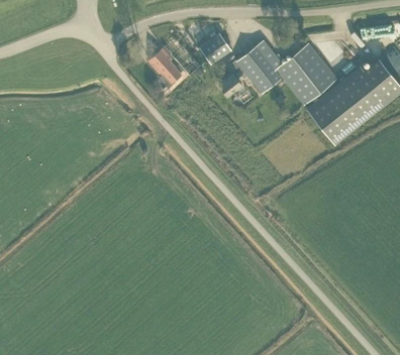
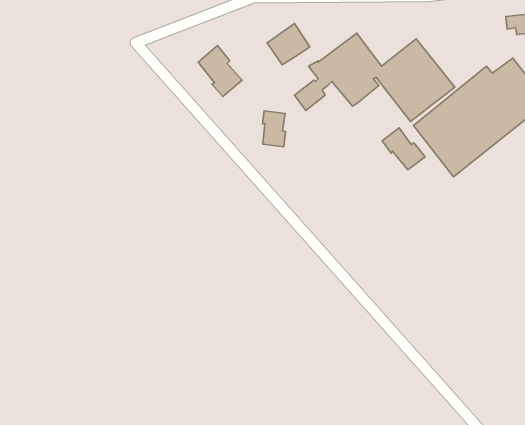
building: none -> [262,111,286,147]
building: none -> [382,128,425,170]

